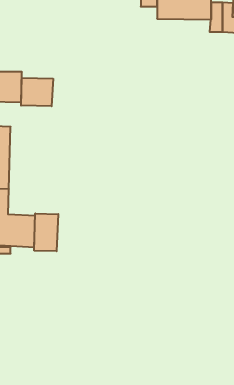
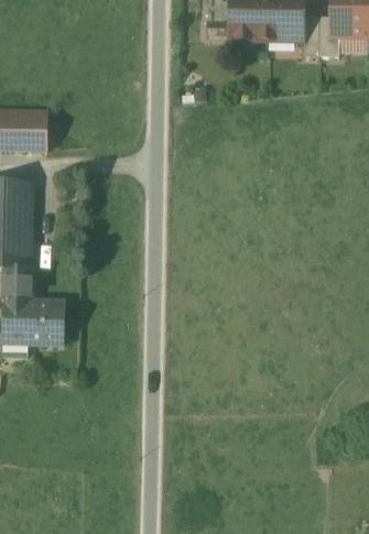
building: [21,78,53,106] -> none
building: [34,213,58,251] -> none

